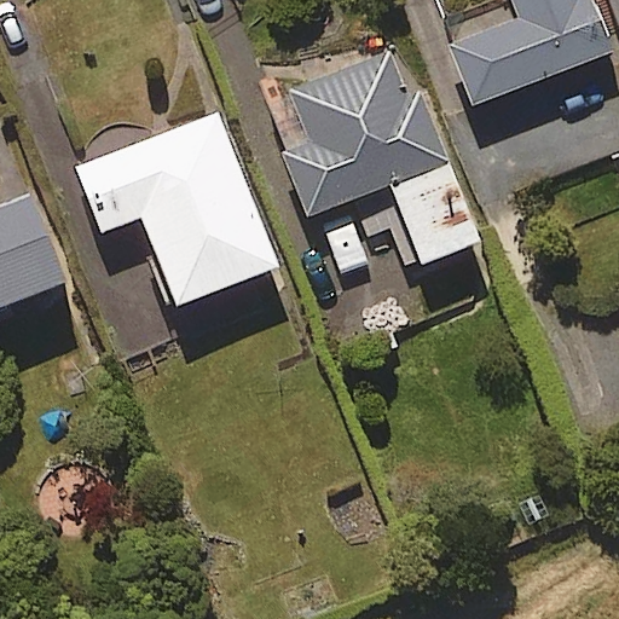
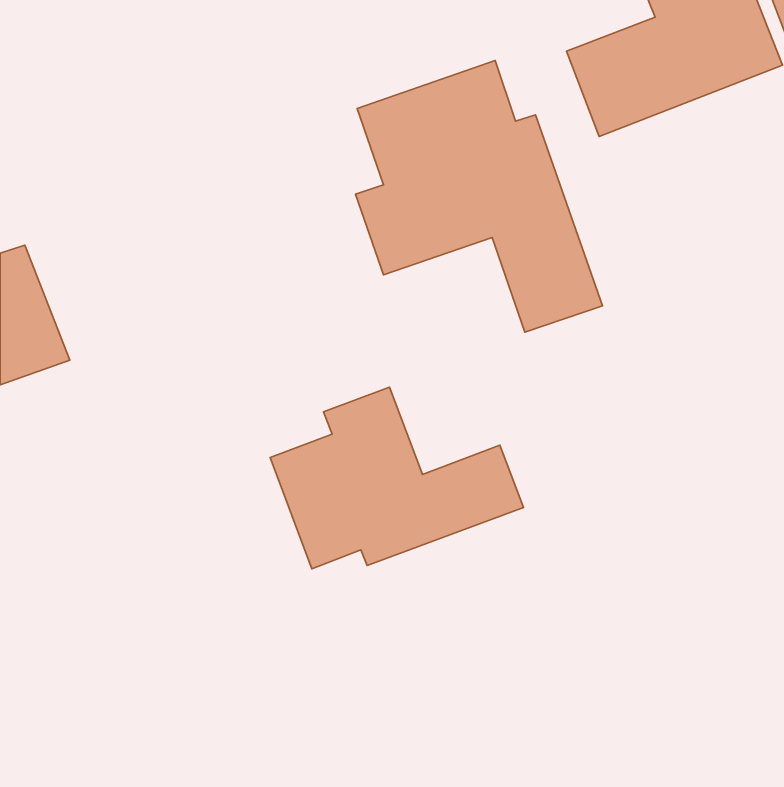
building: [77,118,277,306] -> none
building: none -> [270,387,524,569]

